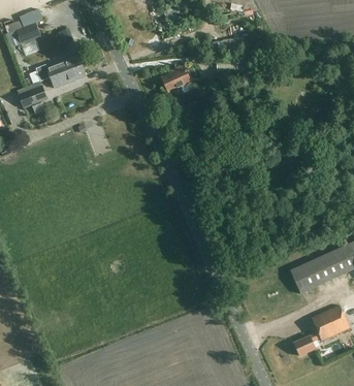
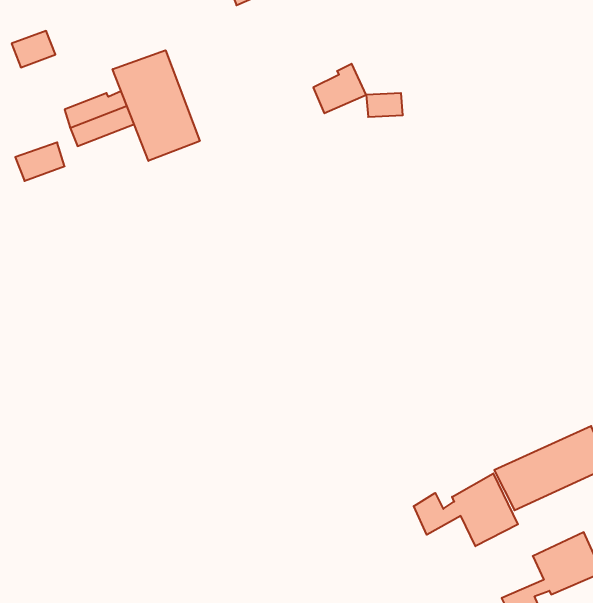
building: none -> [113,50,200,161]
building: [161,64,191,92] -> [313,64,366,113]
building: none -> [414,473,518,546]

